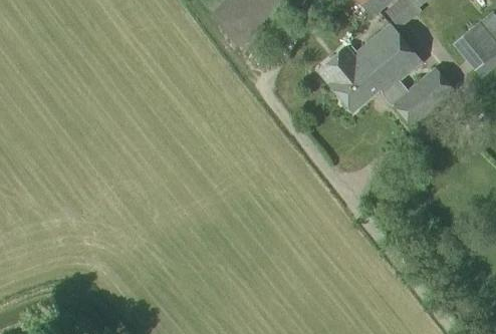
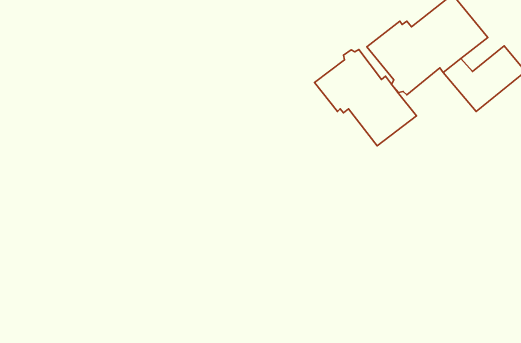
building: none -> [314,49,416,146]

